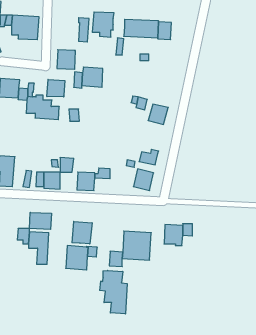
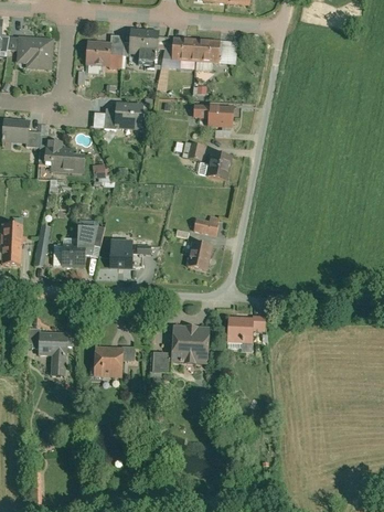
building: [57,50,75,69] -> [85,41,110,67]
building: none -> [193,105,232,128]
building: [47,79,65,97] -> none
building: [29,212,51,229] -> none
building: [72,221,92,244] -> none
building: [100,270,127,314] -> none

